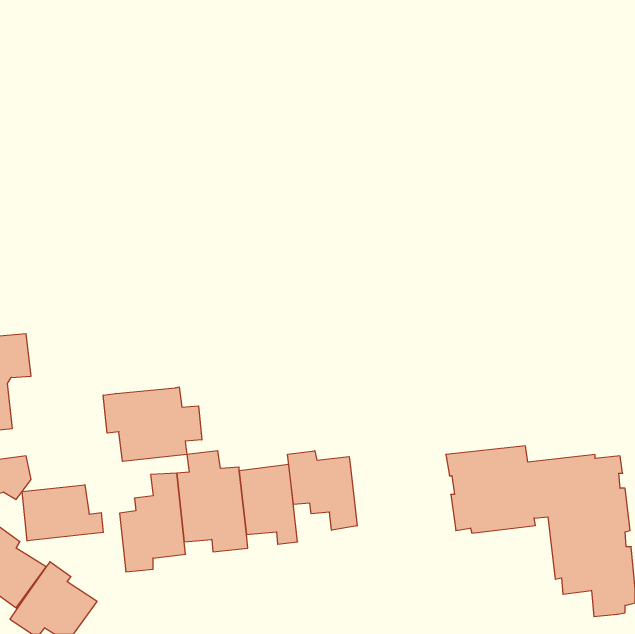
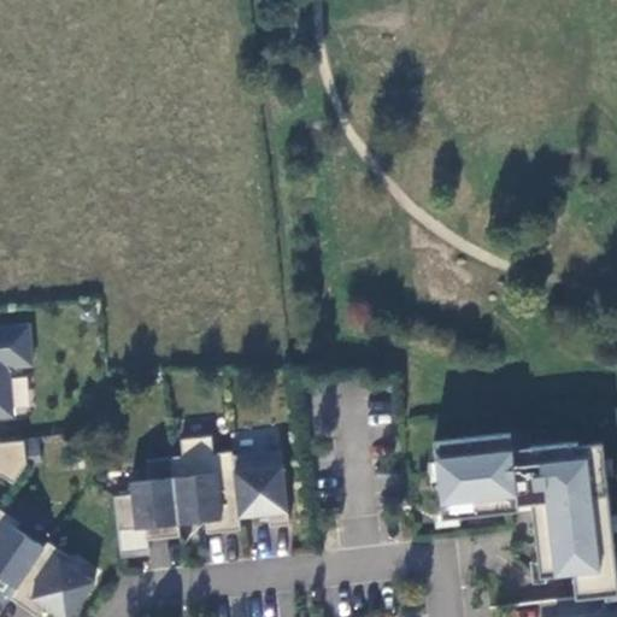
building: [103,387,202,461] -> none
building: [288,451,357,530] -> none
building: [22,485,103,541] -> none

